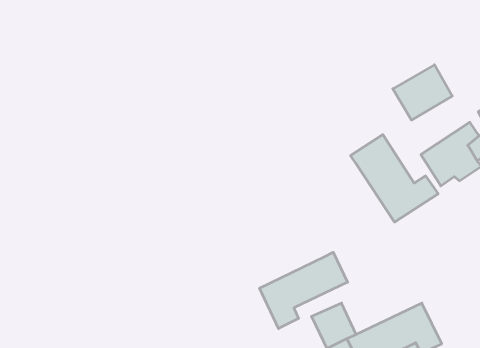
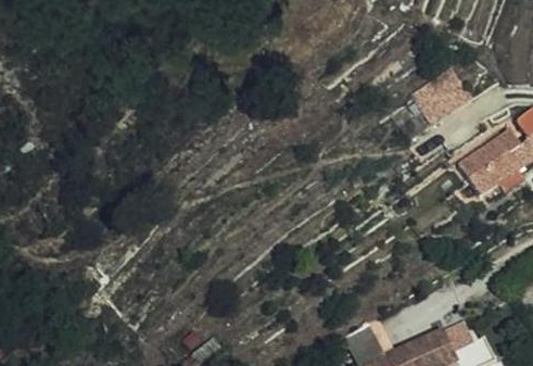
building: [351,135,438,222] -> none
building: [260,252,348,329] -> none

